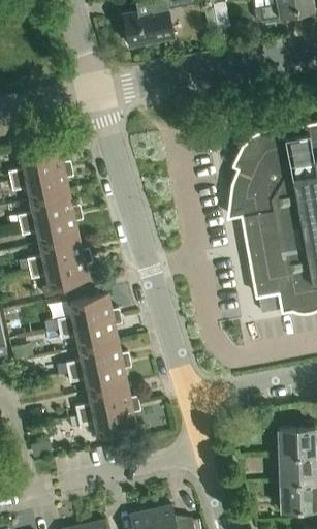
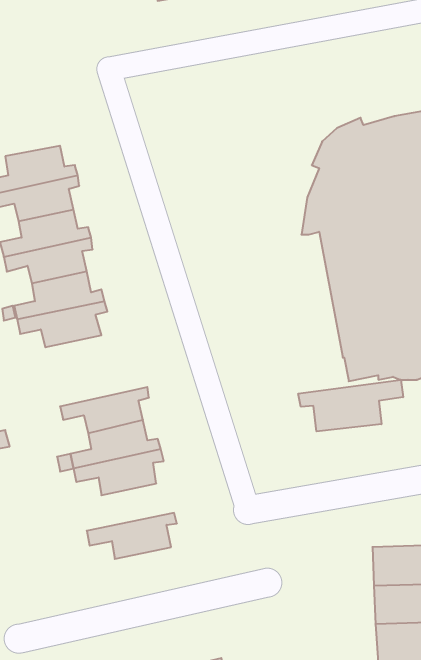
building: [58,295,121,331] -> none
building: none -> [298,380,403,431]
building: [76,384,139,417] -> none

